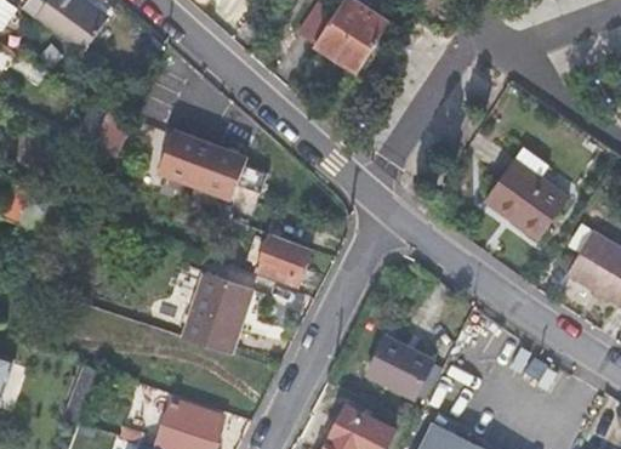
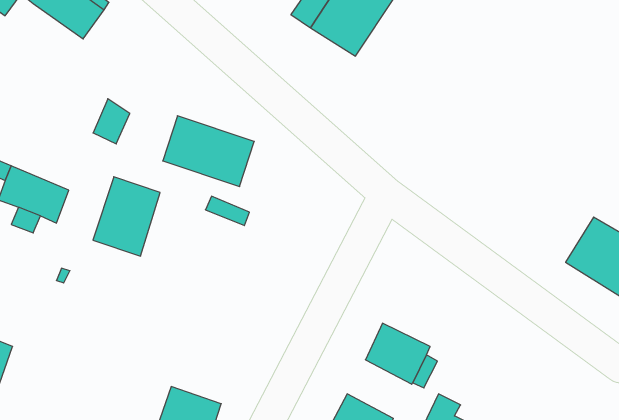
building: [483,148,565,240] -> none
building: [258,234,312,285] -> none
building: [184,274,251,353] -> [93,177,160,256]

